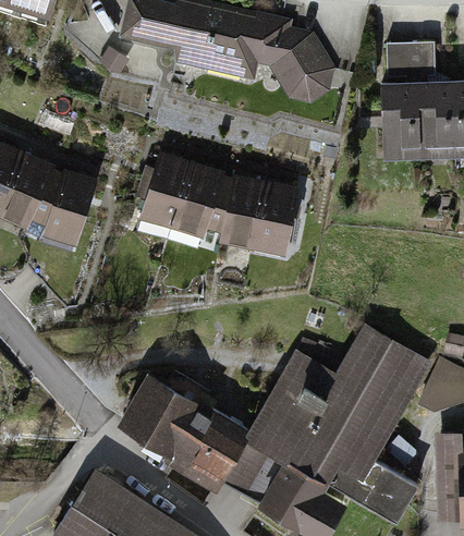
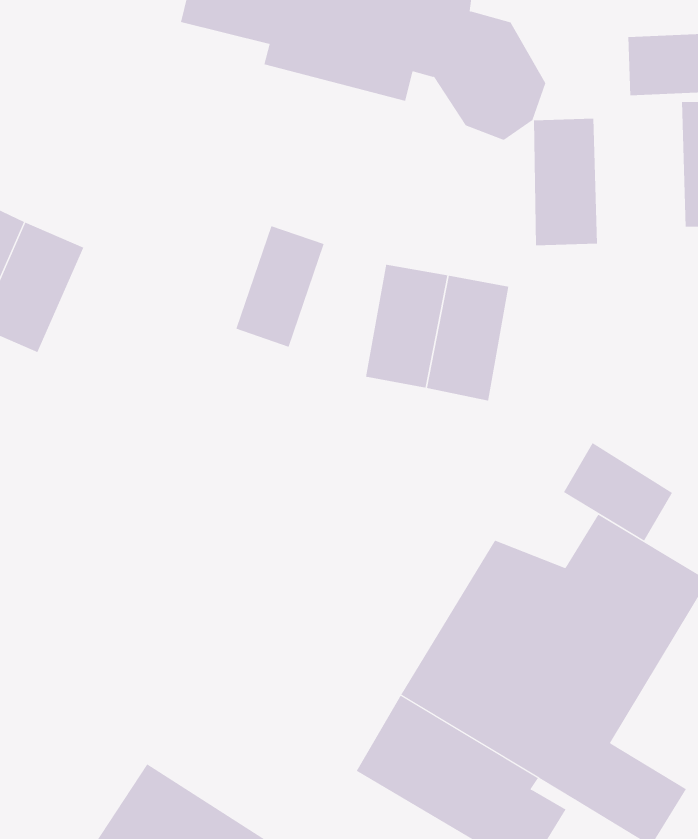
building: [378,82,416,157] -> [533,118,598,246]
building: [183,166,236,237] -> none
building: [35,168,98,246] -> none
building: none -> [563,442,673,541]
building: [118,370,248,487] -> none

